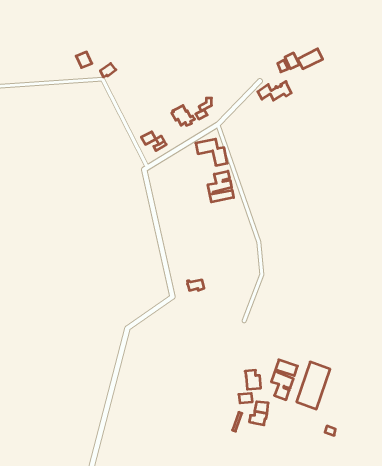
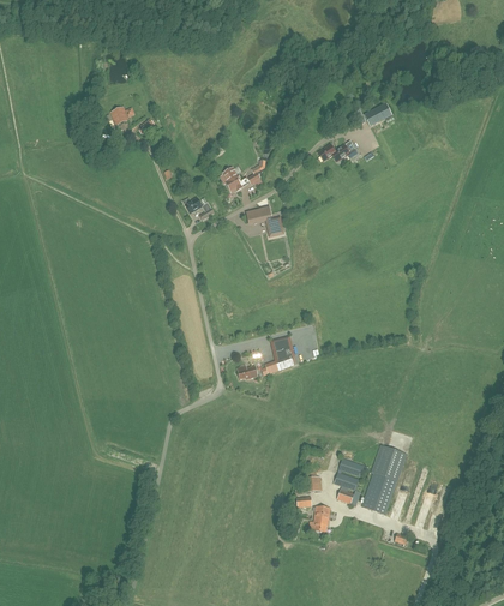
building: [208,171,234,202] -> none
building: none -> [265,337,295,372]

